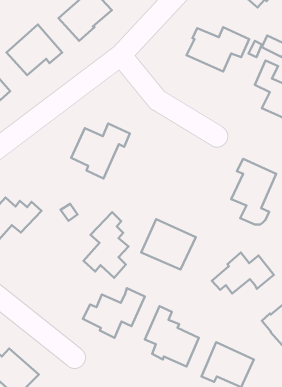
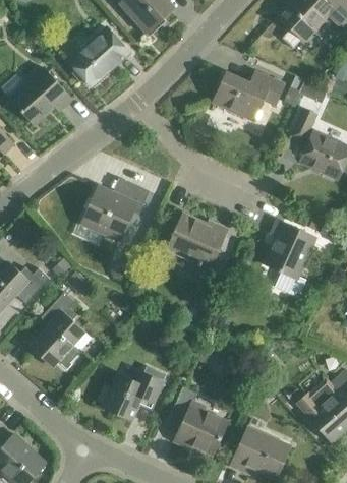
building: [83,212,128,278] -> [32,292,82,366]
building: [141,219,196,270] -> [165,213,227,269]
building: [212,252,274,294] -> none

